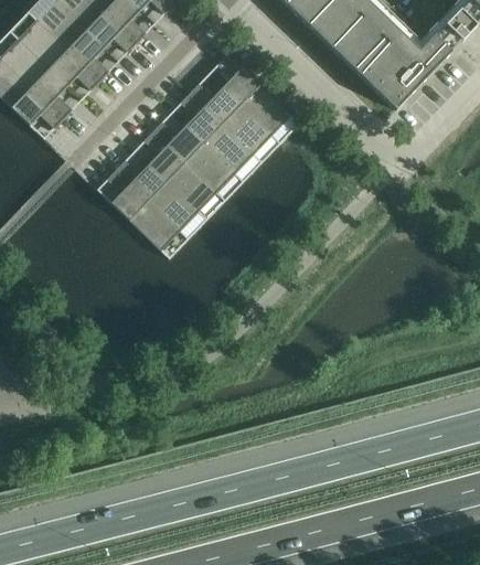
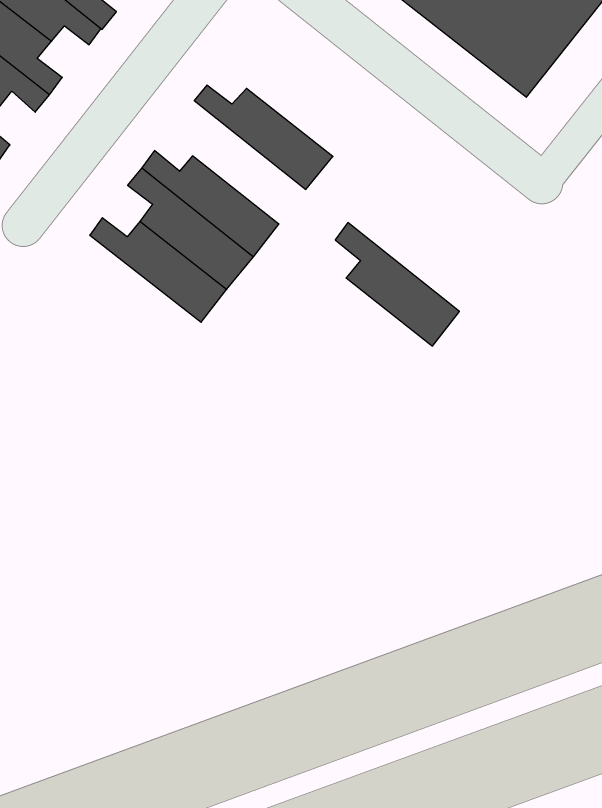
building: [217,51,291,132] -> none
building: [181,89,254,171] -> [335,223,459,346]
building: [107,167,181,247] -> none

